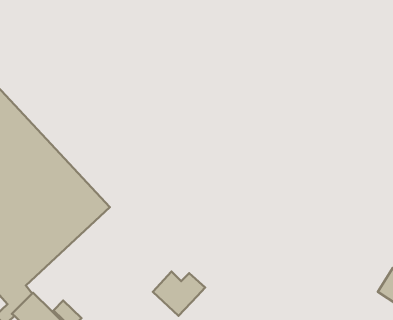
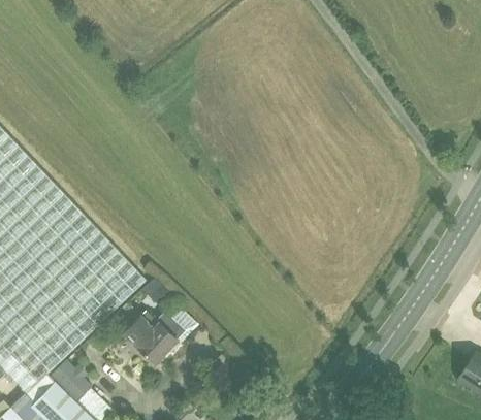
building: [153,271,205,316] -> [125,311,186,362]
building: none -> [53,361,94,402]

